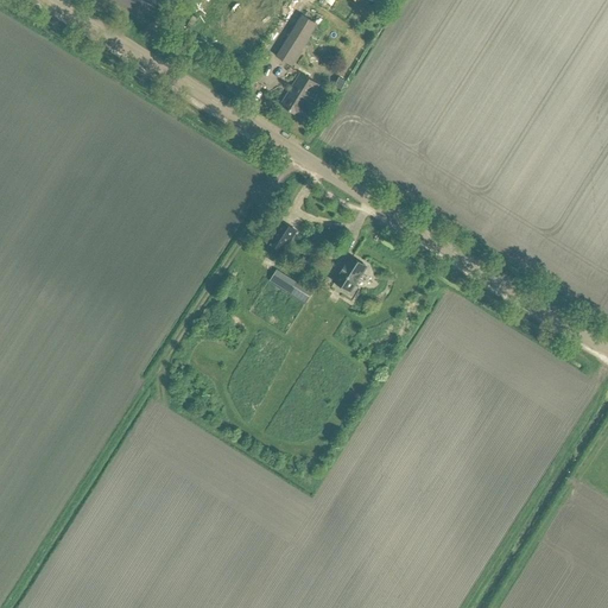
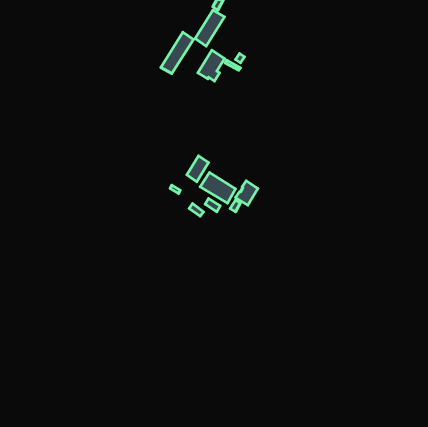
building: none -> [161,32,194,74]
building: none -> [200,173,236,203]

